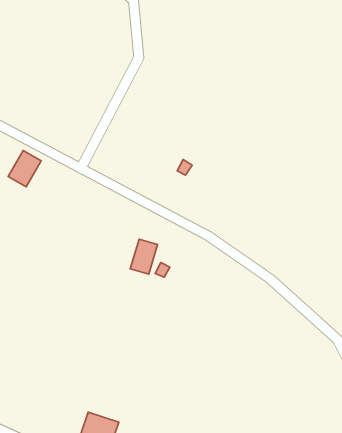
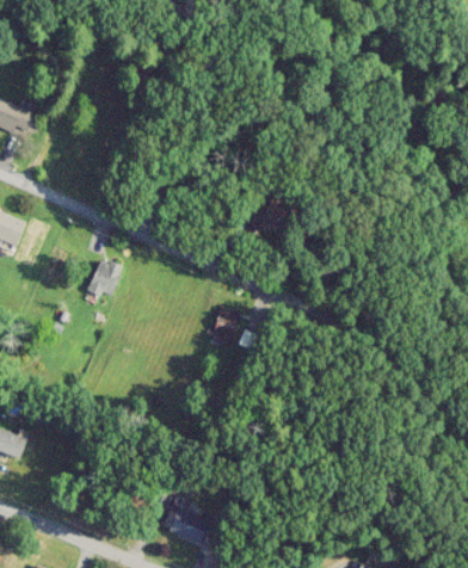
building: [8,150,41,187] -> [88,258,125,300]

